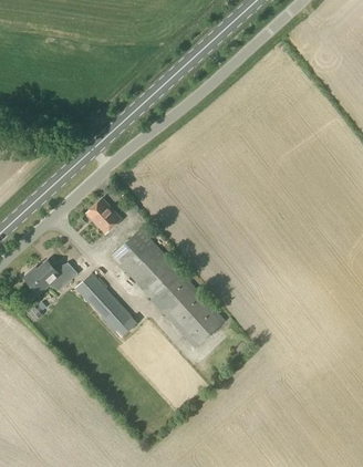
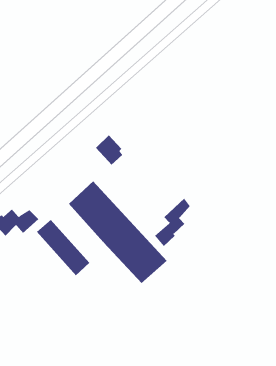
building: [85,198,117,234] -> [95,134,123,165]
building: none -> [154,198,191,247]

